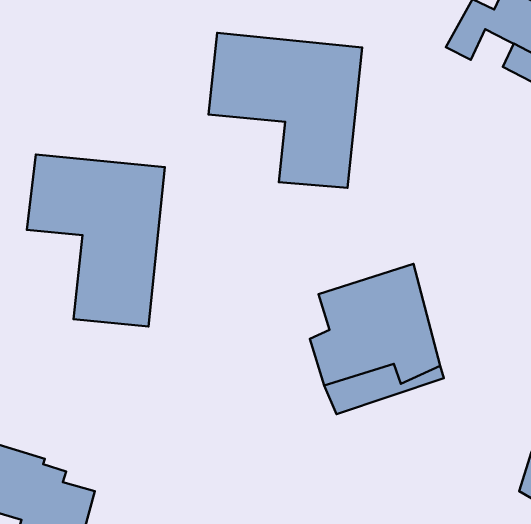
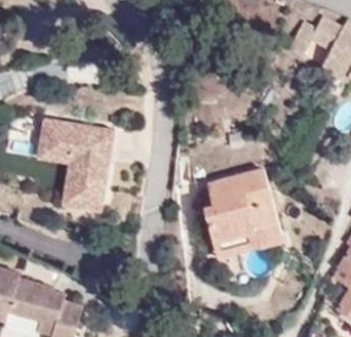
building: [208,33,362,188] -> none

